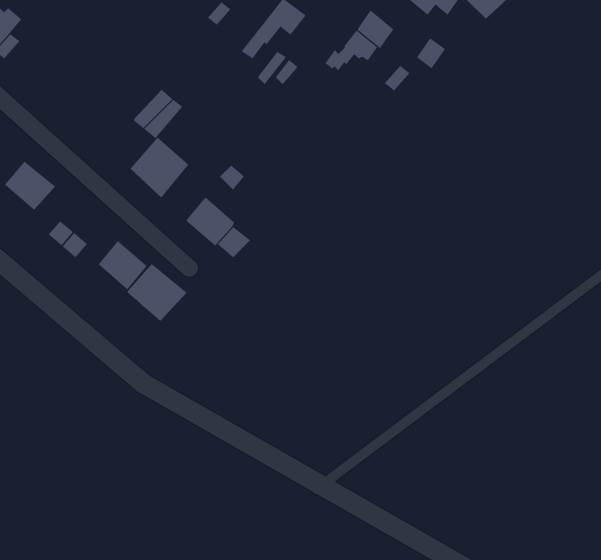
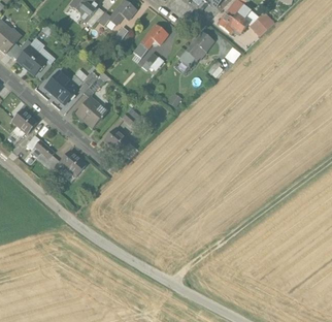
building: none -> [18,45,47,74]
building: none -> [46,70,75,103]
building: [126,263,187,322] -> none

